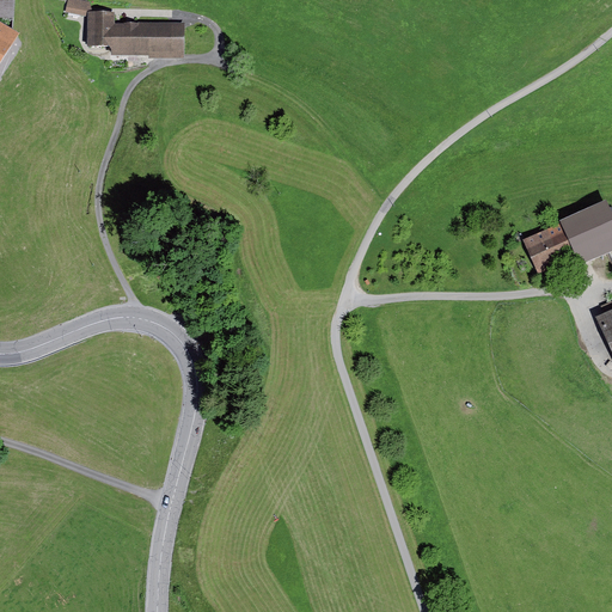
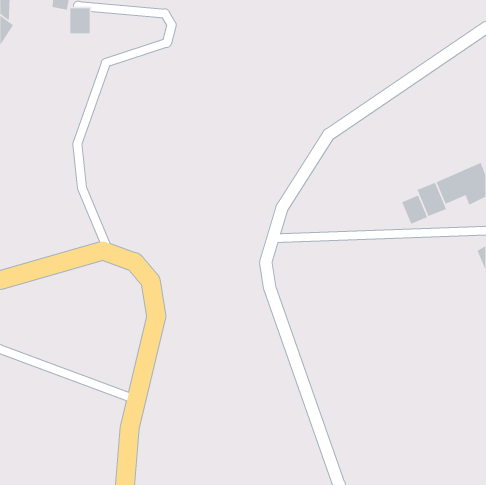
building: [114,23,183,56] -> none
building: none -> [401,195,428,225]

